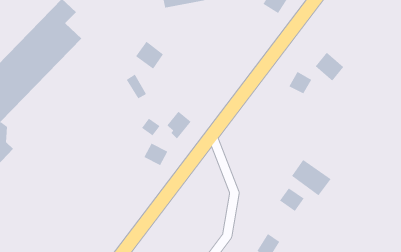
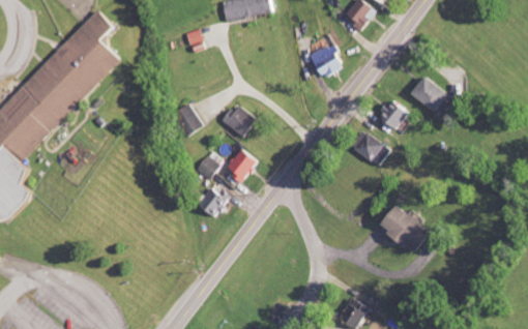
building: none -> [309,43,345,80]
building: [135,41,164,70] -> [223,103,258,139]
building: none -> [351,131,387,166]
building: [279,187,304,212] -> none

